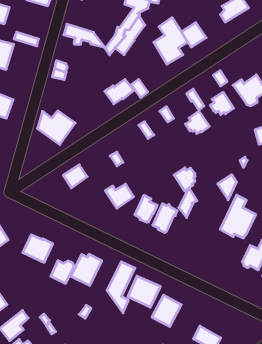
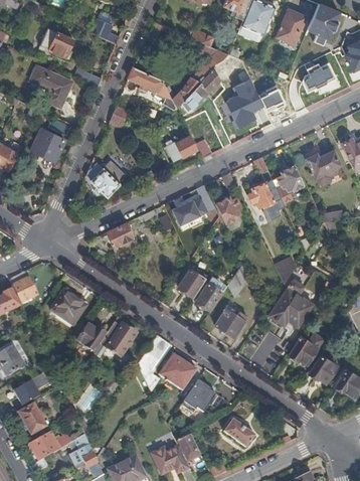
building: [174,168,195,191] -> [216,197,239,222]
building: [105,184,134,208] -> [170,200,200,225]
building: none -> [215,304,247,337]

